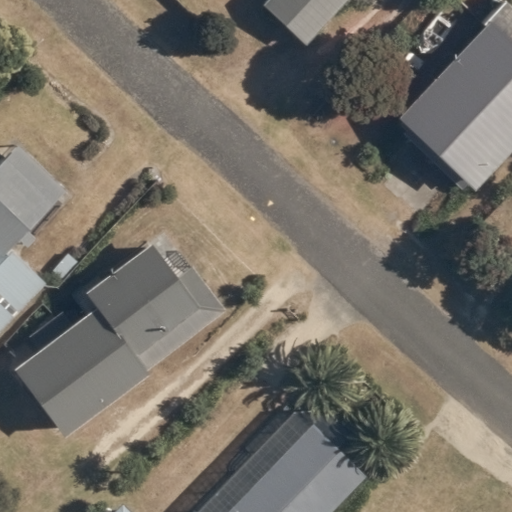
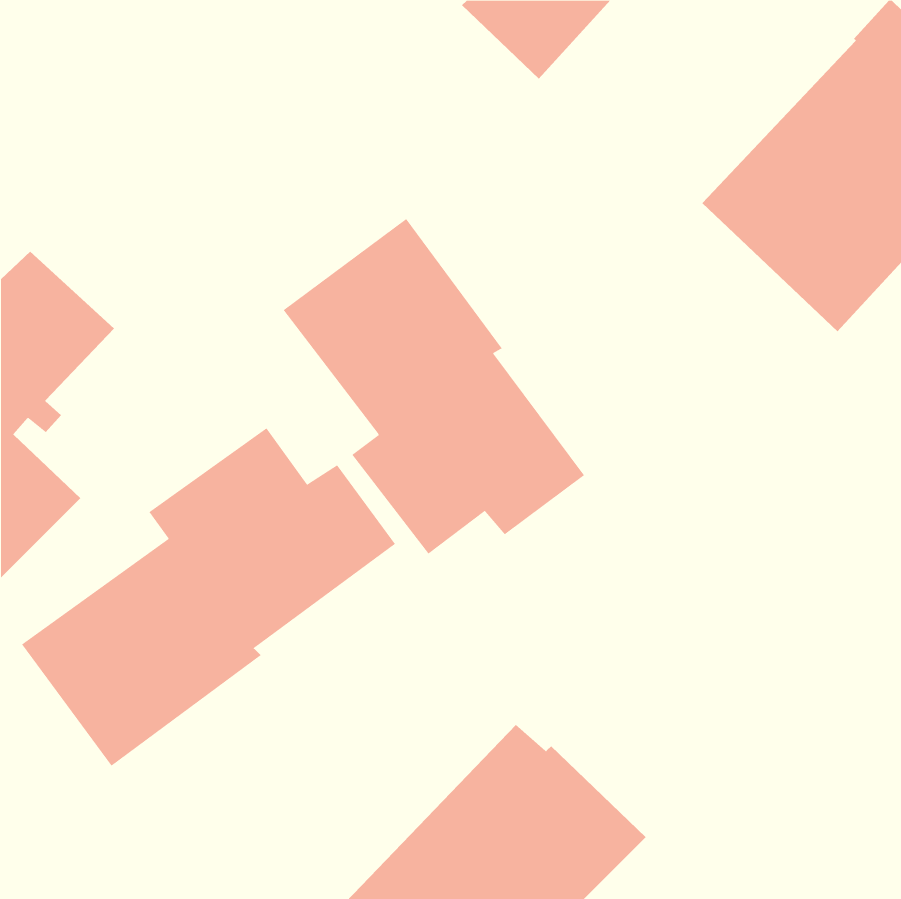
building: none -> [283,218,585,554]

